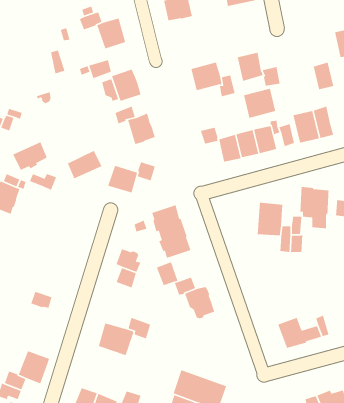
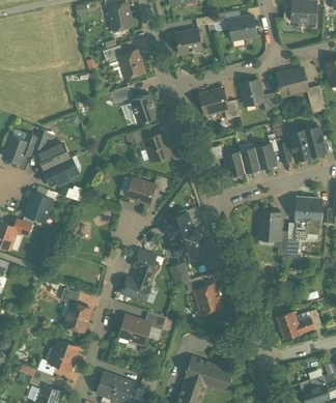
building: [243,88,276,119] -> [278,68,307,95]
building: [67,150,102,180] -> [38,143,69,169]
building: none -> [122,278,150,300]
building: none -> [64,303,91,332]

